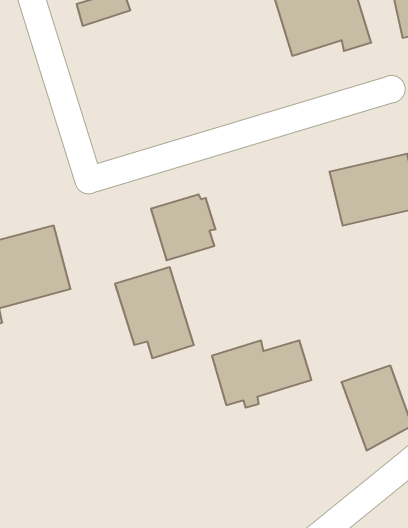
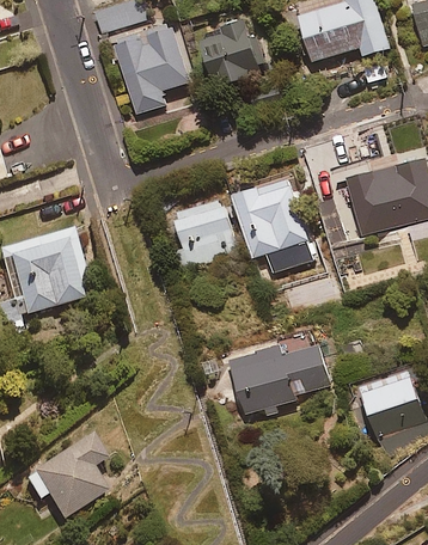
building: none -> [115,26,190,112]
building: none -> [203,29,269,87]
building: [115,267,194,358] -> [234,179,313,270]
building: none -> [25,437,106,518]

